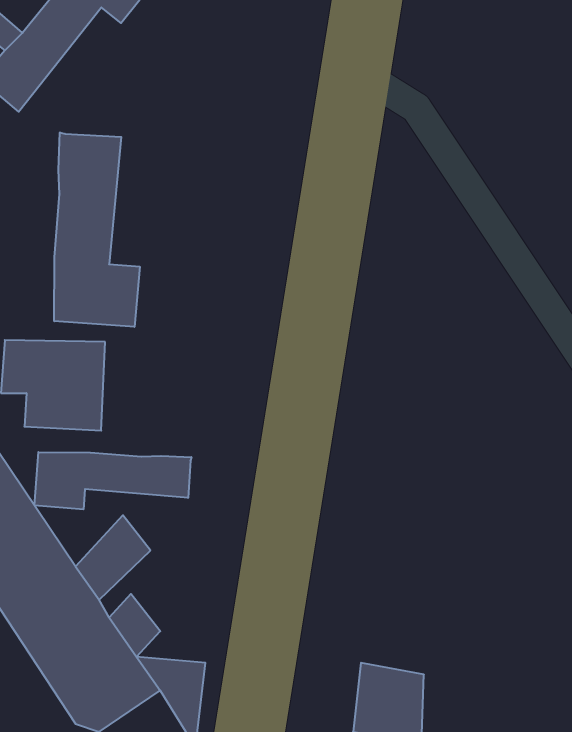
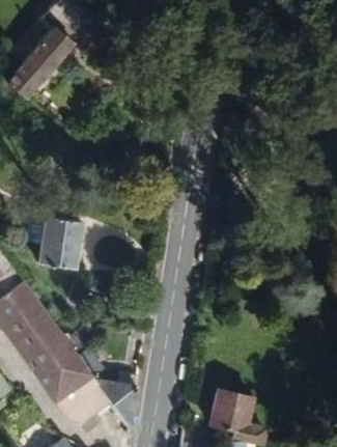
building: [54,132,140,327] -> none
building: [35,452,191,509] -> none

